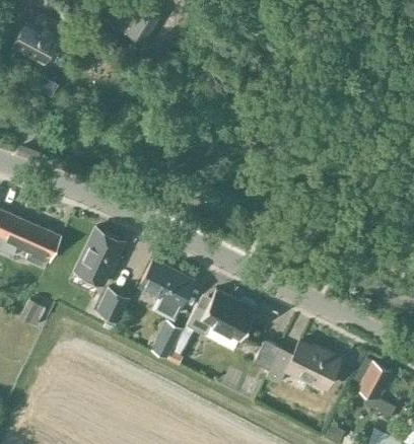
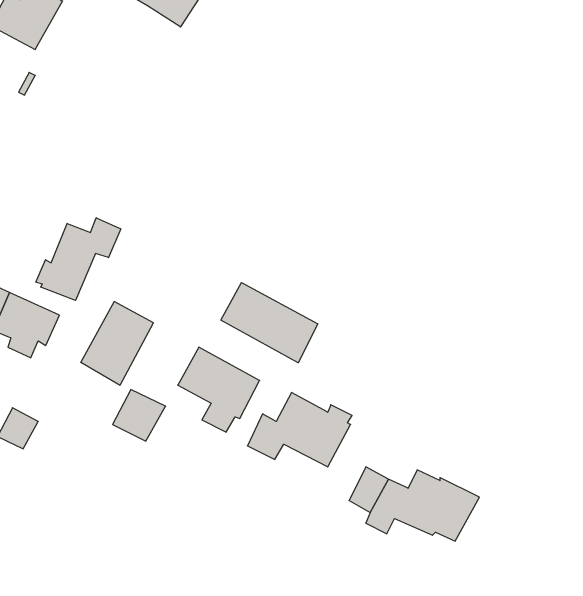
building: none -> [36,218,121,300]
building: none -> [221,283,318,363]
building: [152,321,183,358] -> none
building: [356,361,396,419] -> none

